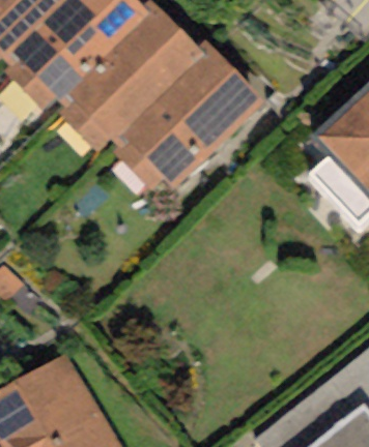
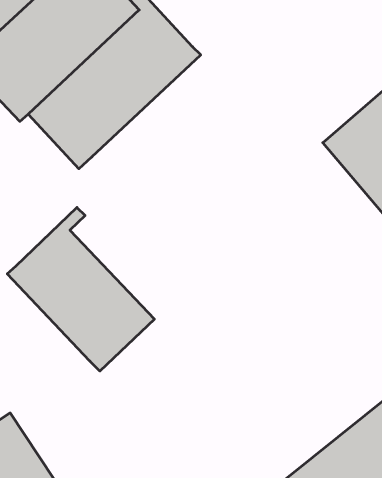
building: [111,41,267,202] -> none
building: none -> [7,207,154,371]

